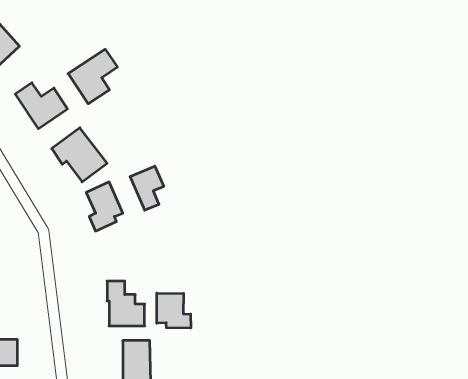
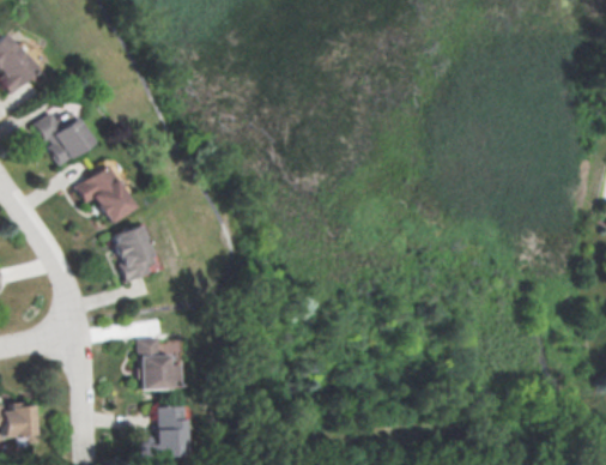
building: [68,49,117,104] -> none
building: [130,166,164,210] -> none
building: [157,293,191,328] -> none

